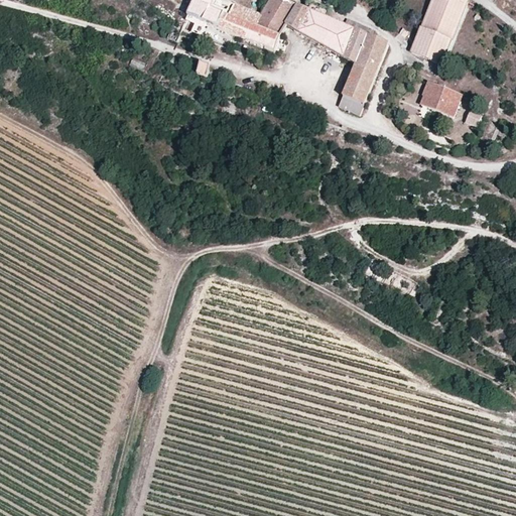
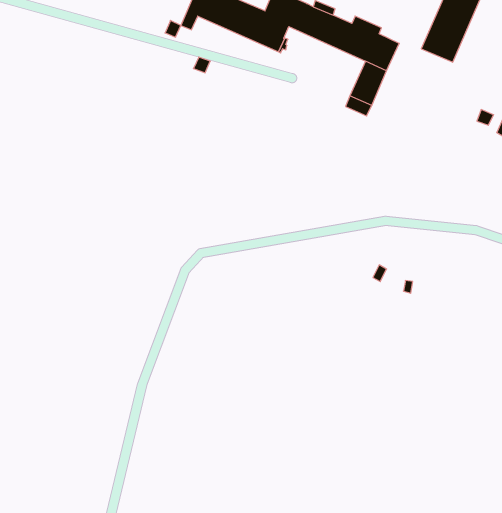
building: [418,78,461,113] -> none

